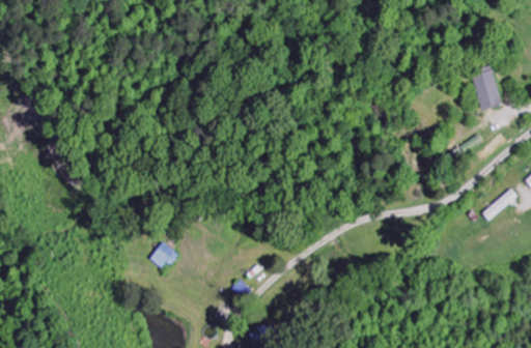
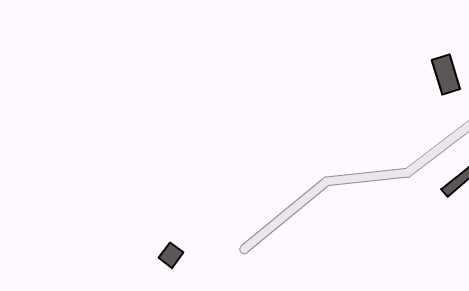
building: [149,241,176,269] -> [159,243,183,268]

